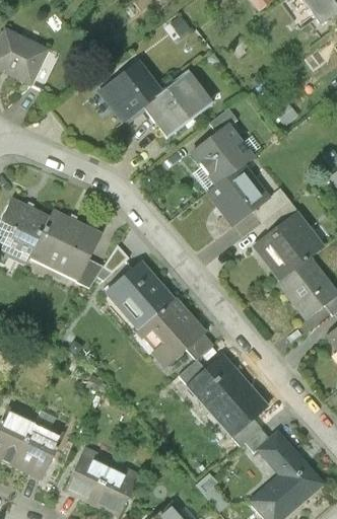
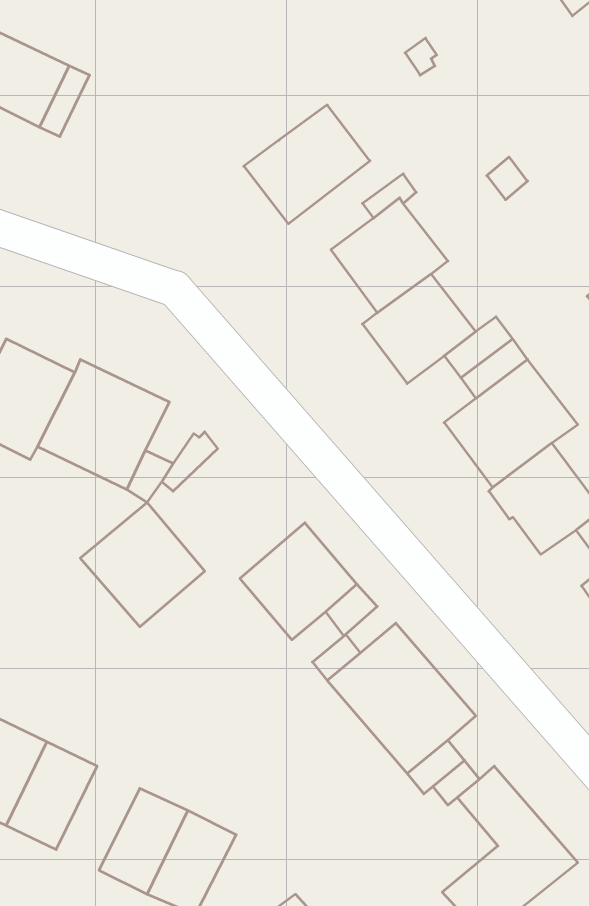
building: [99,61,160,120] -> none
building: [107,263,175,330] -> [80,502,205,627]

